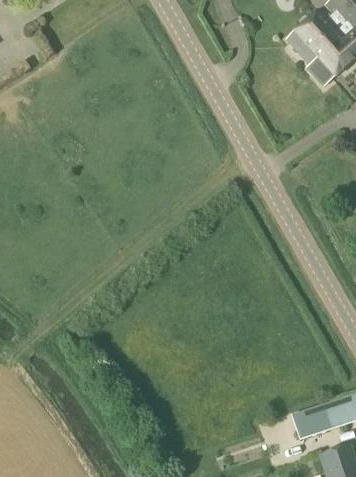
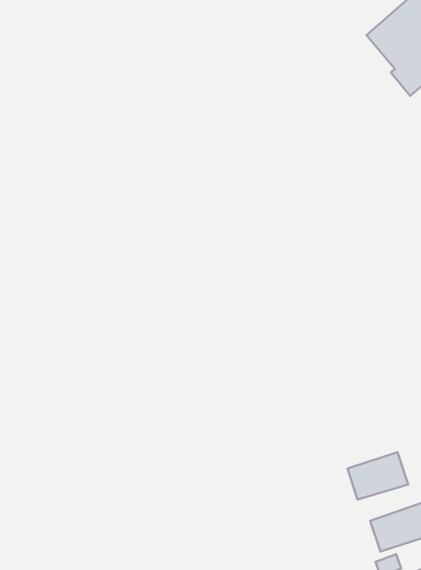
building: none -> [348,452,408,500]

